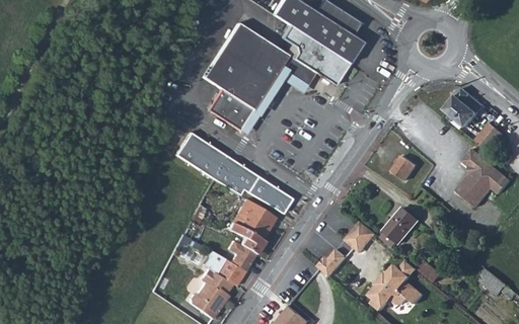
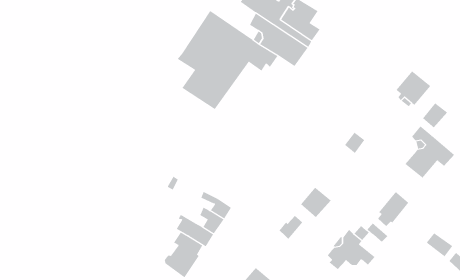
building: [176,136,292,214] -> none
building: [232,197,277,240] -> none
building: [379,205,415,244] -> [377,191,409,227]

